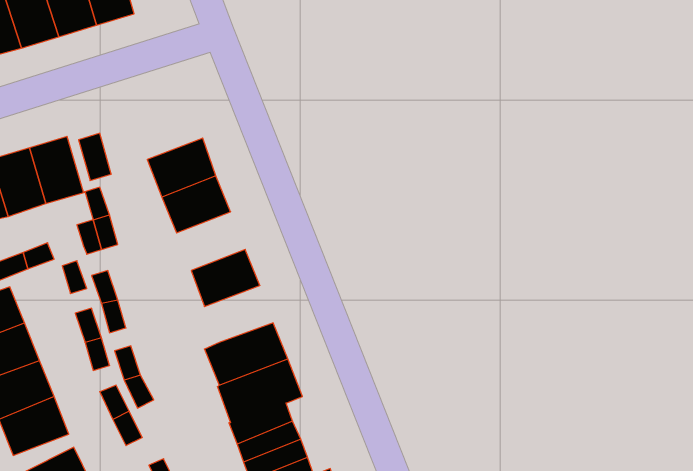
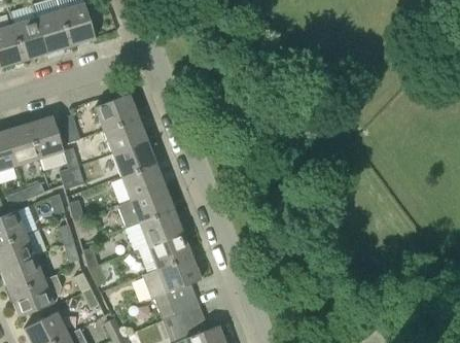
building: none -> [94,93,137,129]
building: none -> [120,162,164,199]
building: none -> [138,208,181,244]

